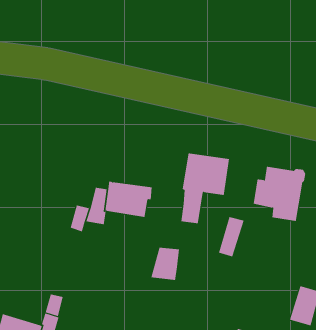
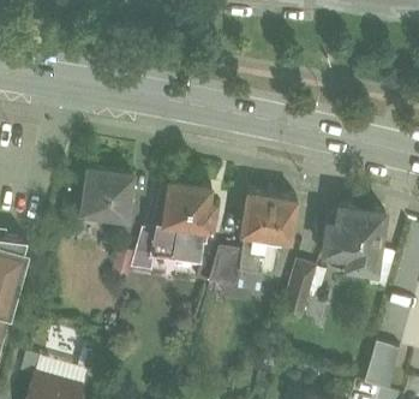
building: none -> [83,169,132,220]
building: none -> [162,183,215,232]
building: [151,247,180,281] -> [209,248,243,286]

